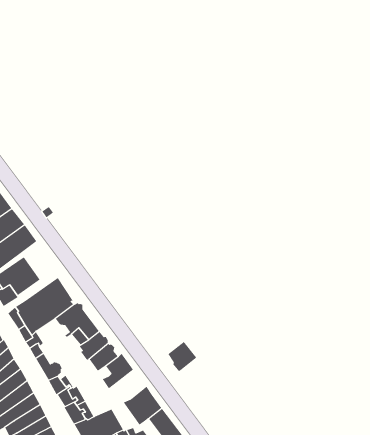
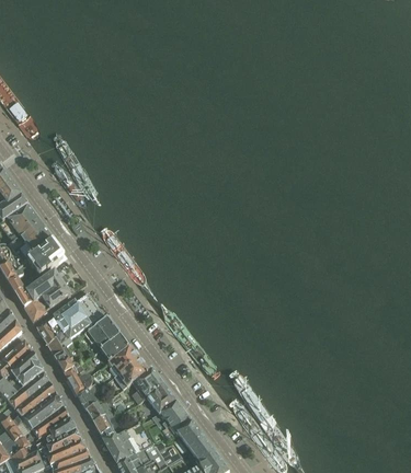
building: [168,341,197,372] -> [147,383,176,414]

